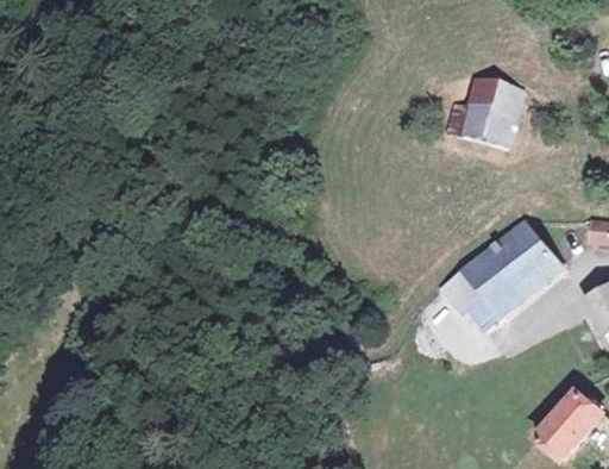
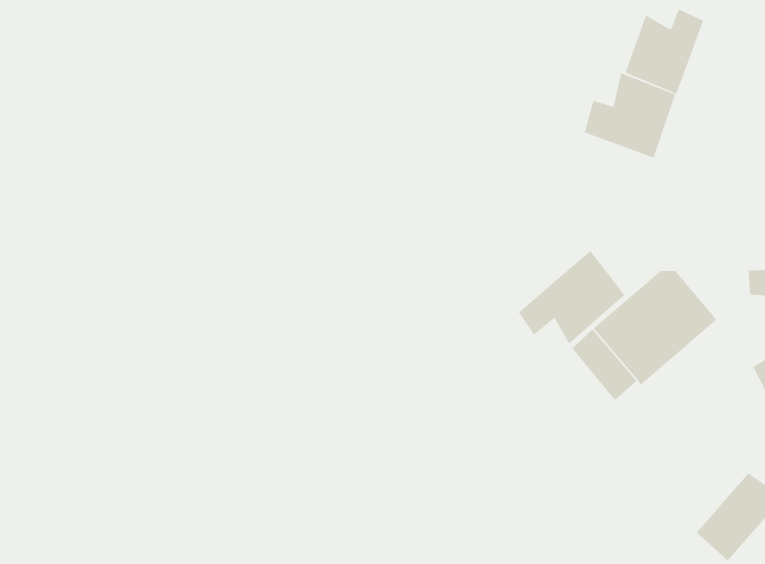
building: none -> [625,9,704,94]
building: none -> [518,250,625,345]

